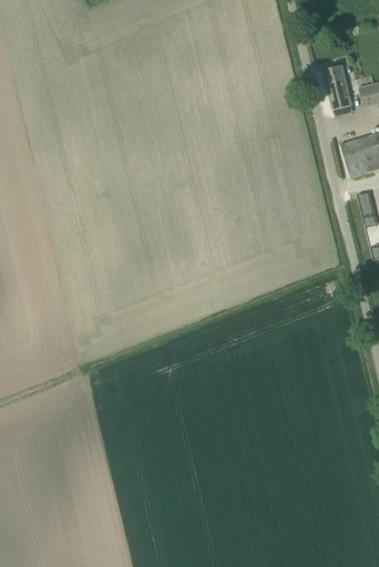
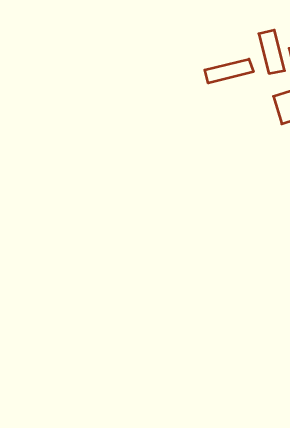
building: none -> [205,59,253,83]

